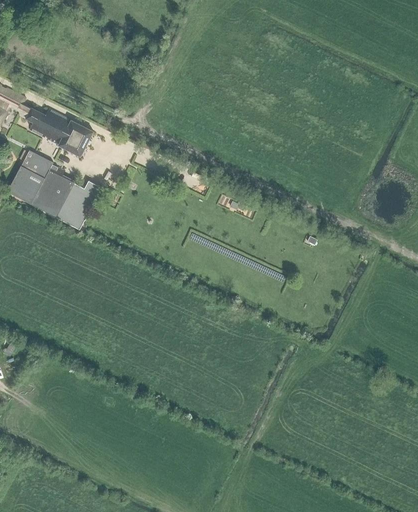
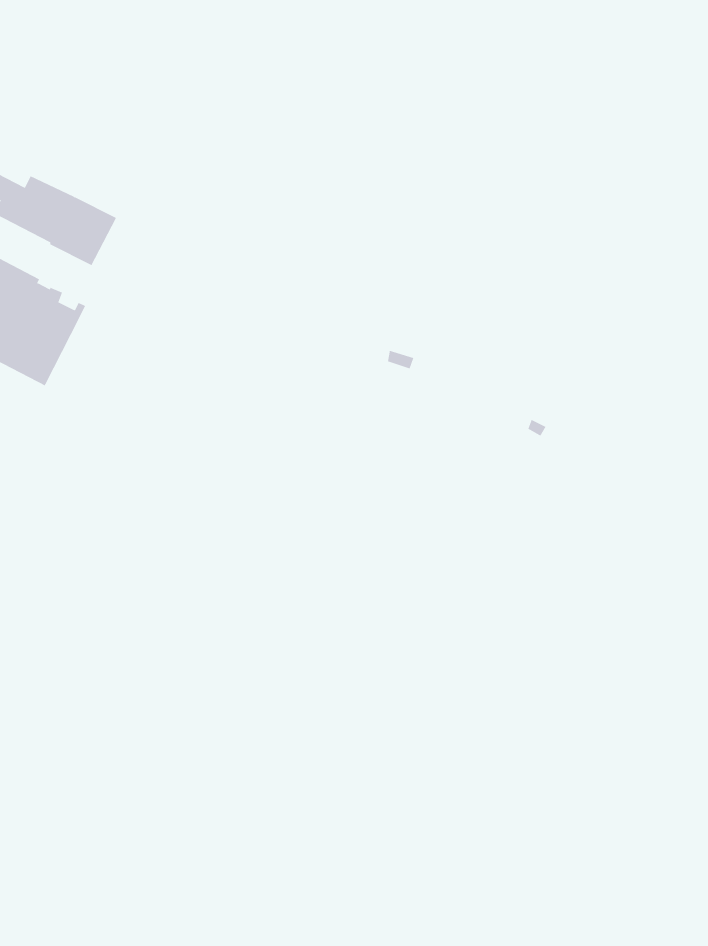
building: [55,180,100,229] -> none

